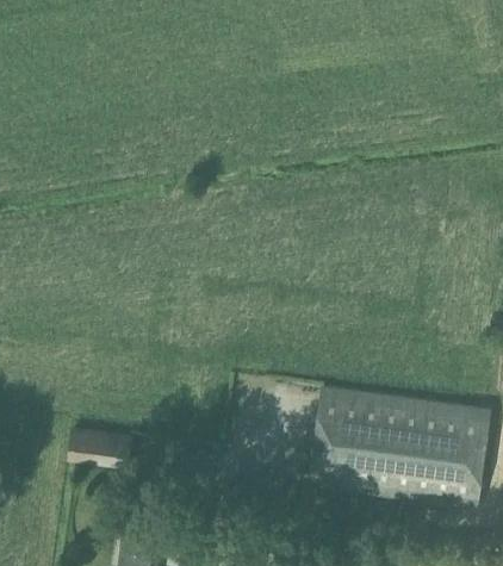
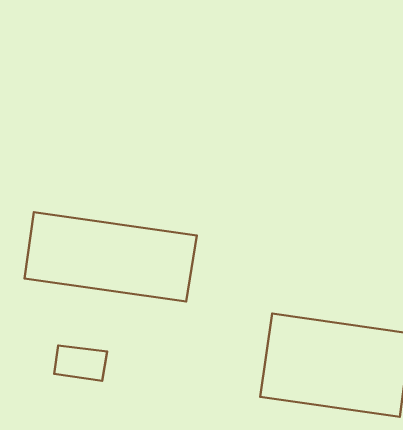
building: none -> [24,212,197,302]

